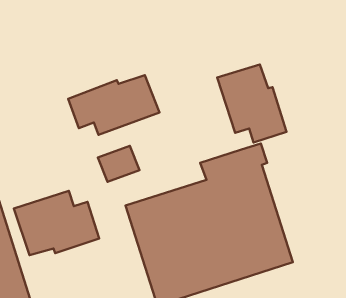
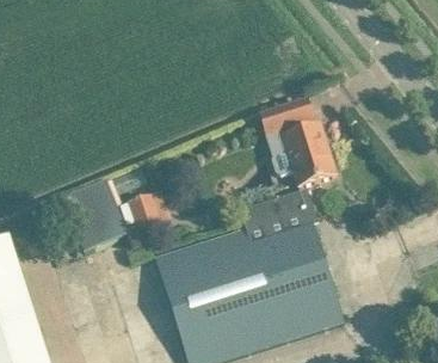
building: [68,75,160,135] -> none
building: [14,191,99,255] -> none

